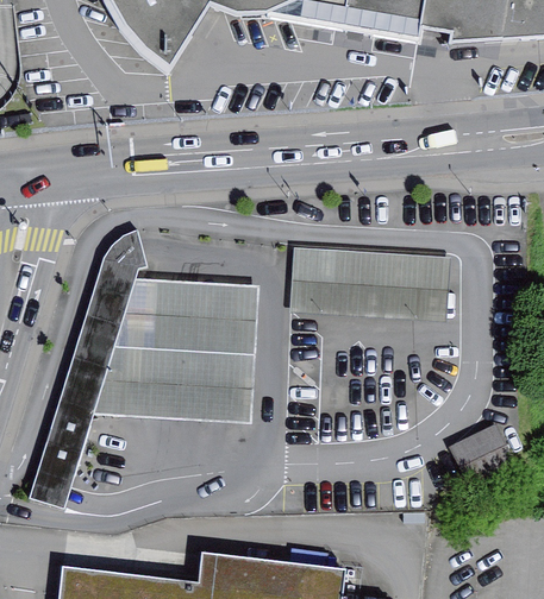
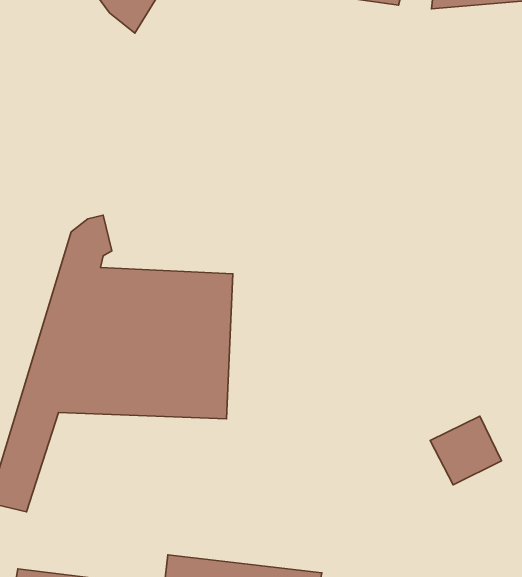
building: [288,246,445,319] -> none

